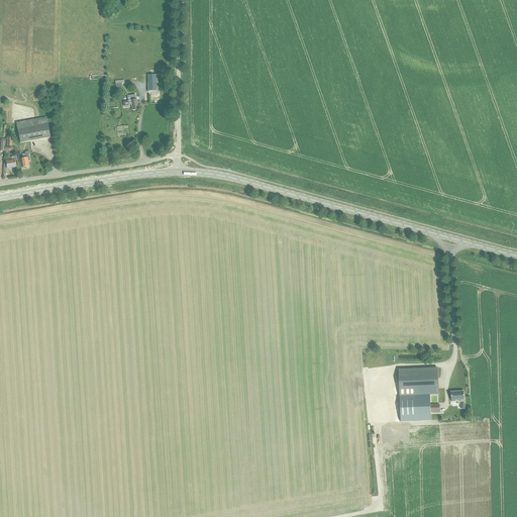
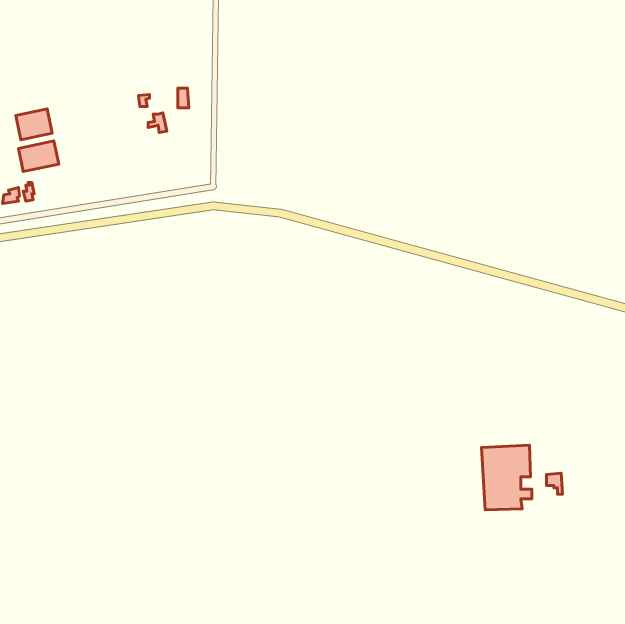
building: none -> [16,109,52,140]

